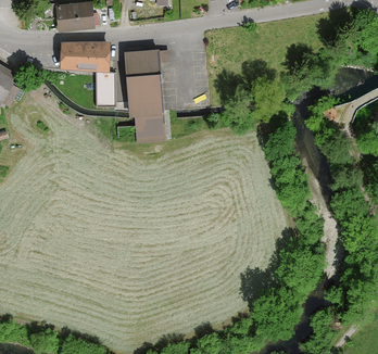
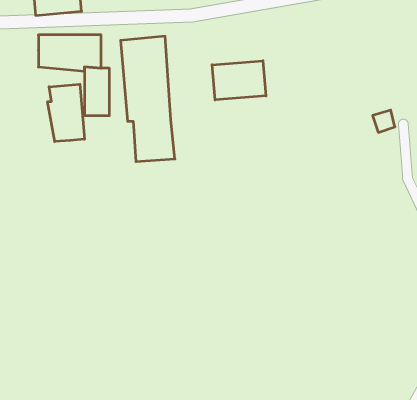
building: none -> [212,61,266,100]
building: none -> [48,84,84,142]

